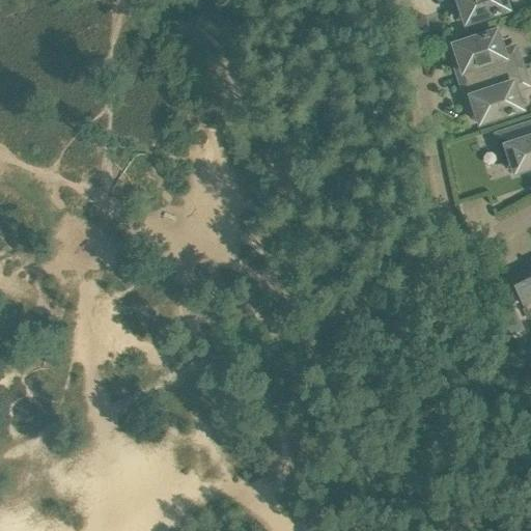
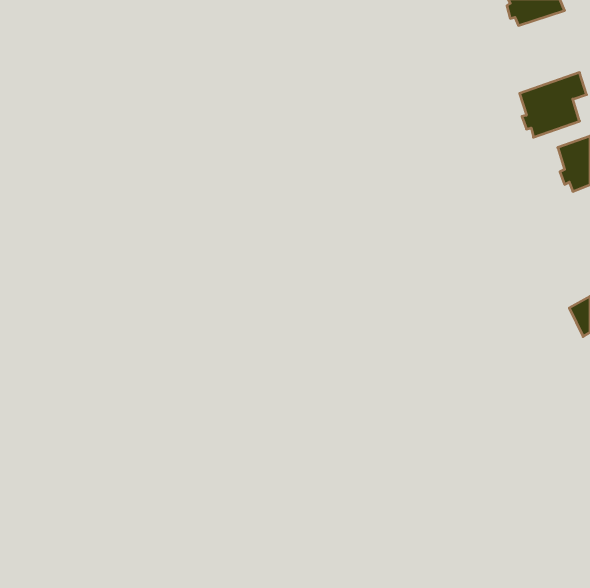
building: [452,31,521,84] -> none

